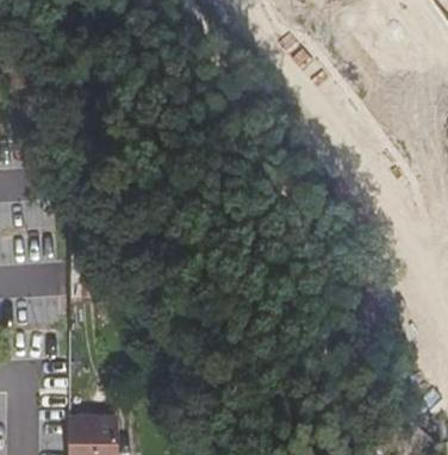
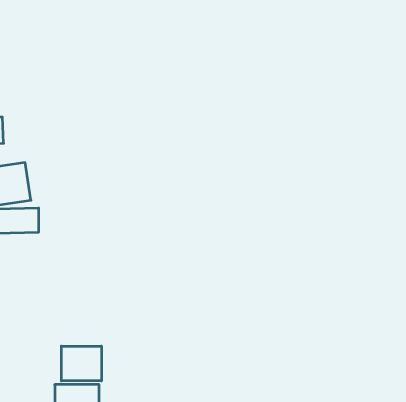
building: none -> [61,346,101,381]

